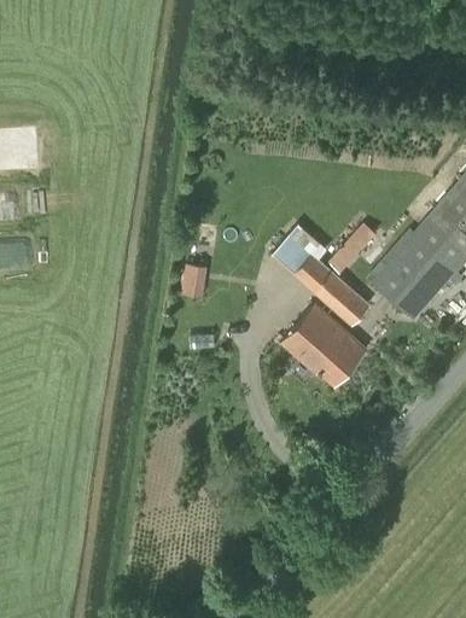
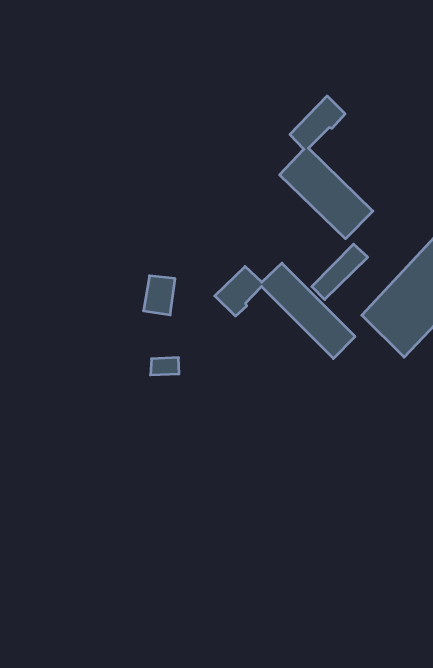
building: none -> [280,96,373,239]
building: [280,304,363,385] -> none

